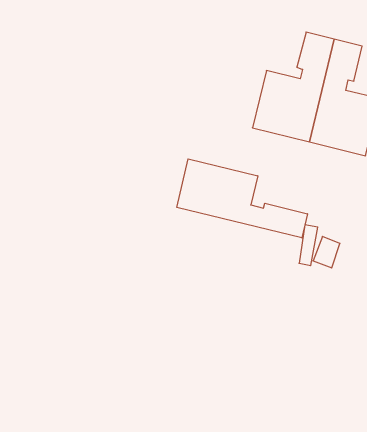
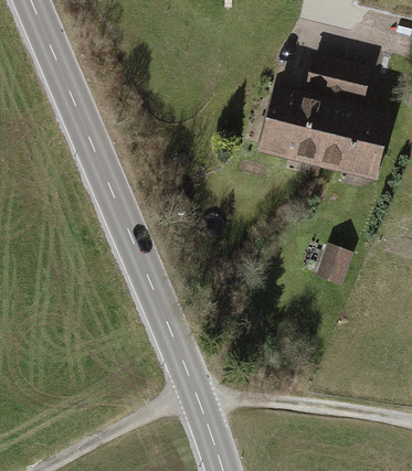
building: [177,159,307,238] -> none

